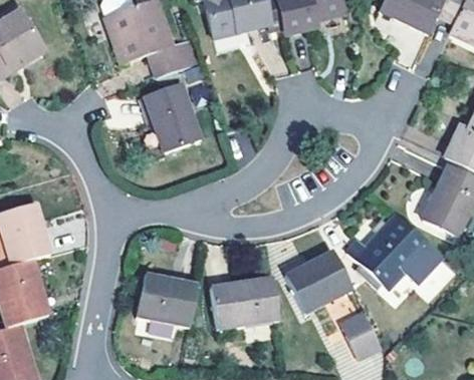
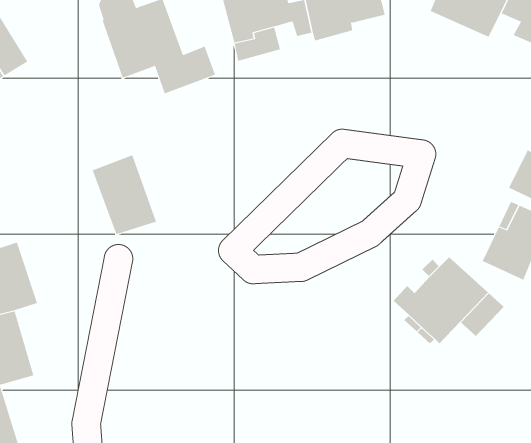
building: [145,85,199,152] -> [92,154,157,235]
building: [286,252,351,312] -> none
building: [139,276,198,326] -> none
building: [213,278,278,328] -> none
building: [341,316,380,358] -> none

